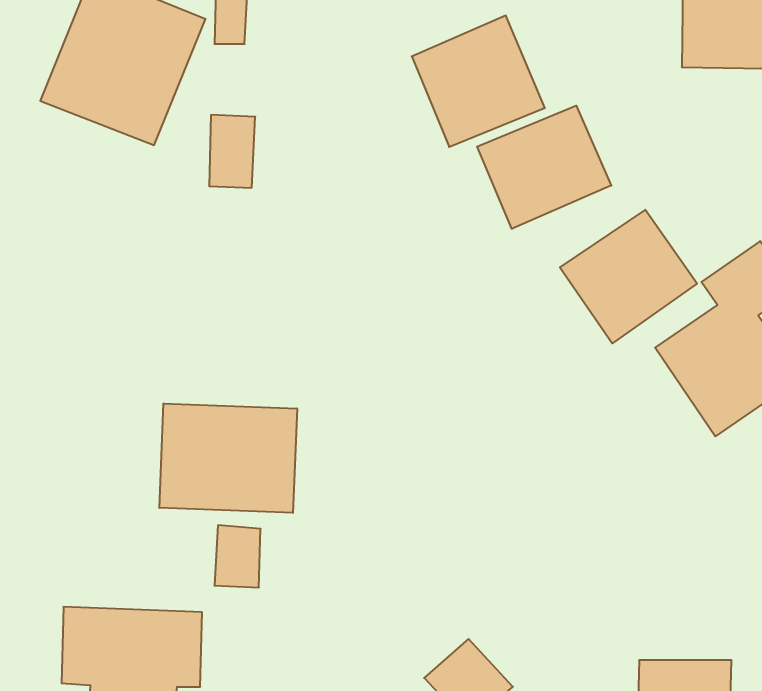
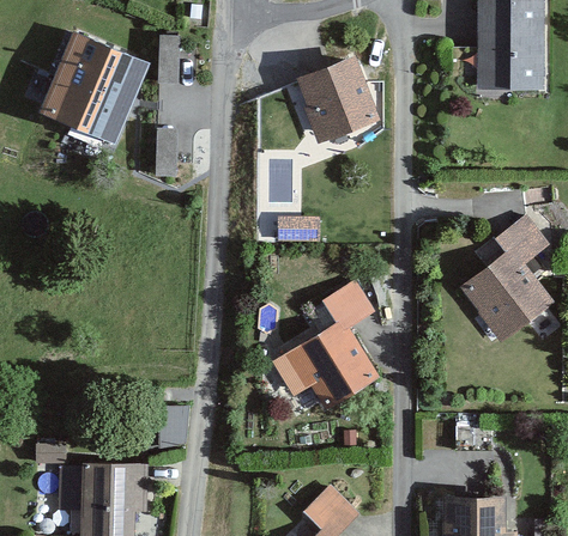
building: [477,106,611,229] -> none
building: [560,210,697,343] -> none
building: none -> [284,278,381,414]
building: [159,403,297,513] -> none

